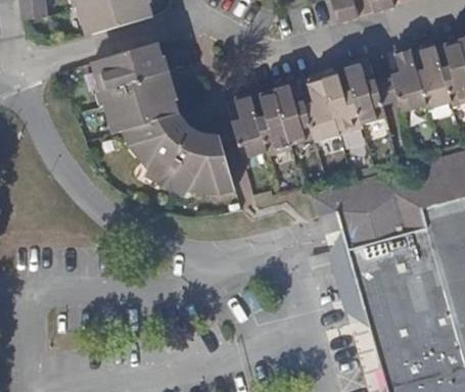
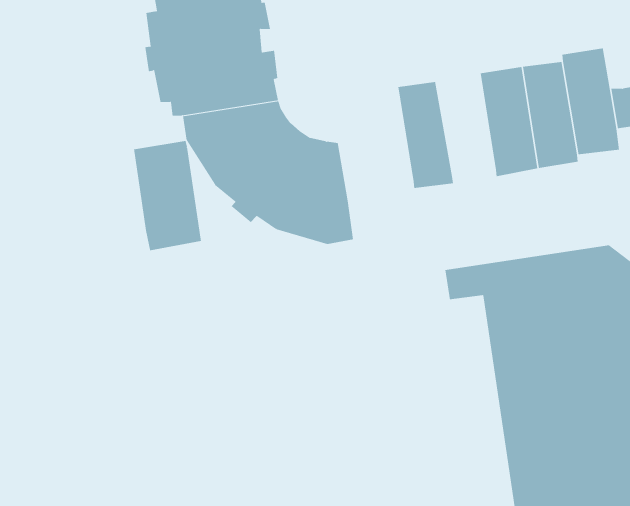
building: [273,79,316,146] -> none
building: [226,92,268,159] -> none
building: none -> [133,140,202,251]

